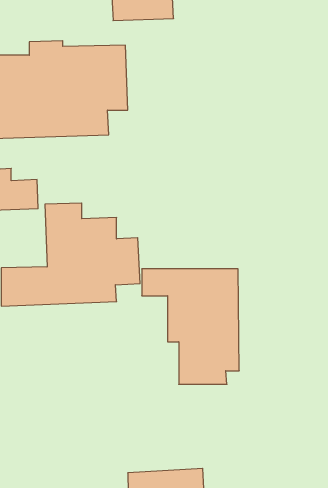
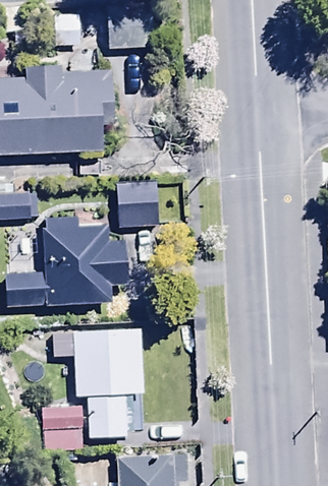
building: none -> [118,177,157,226]
building: [142,269,239,384] -> [53,332,142,437]
building: none -> [43,403,81,450]

